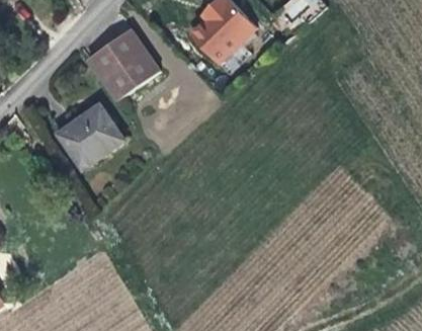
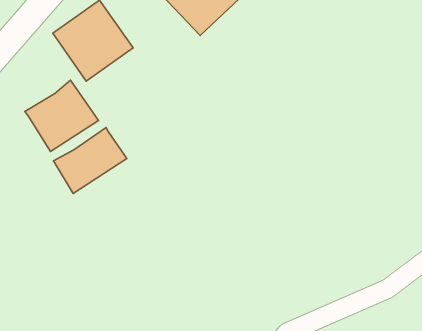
building: none -> [54,128,127,193]

